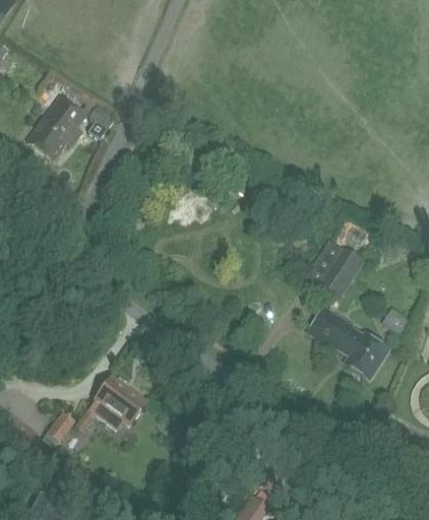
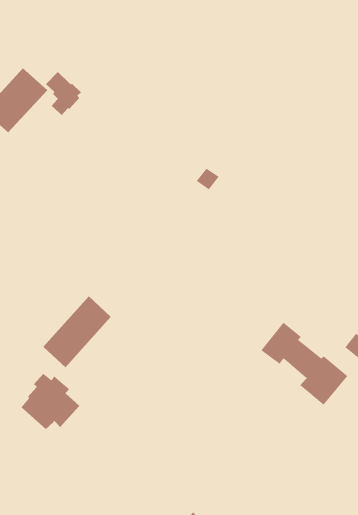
building: [305,239,365,300] -> none
building: none -> [43,295,112,368]

